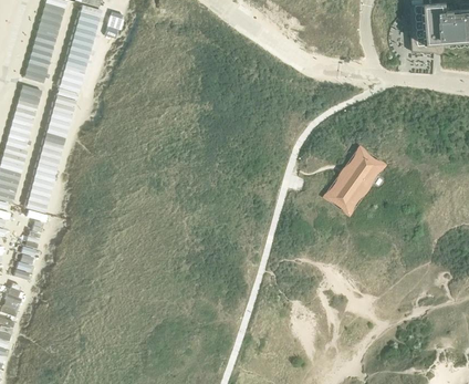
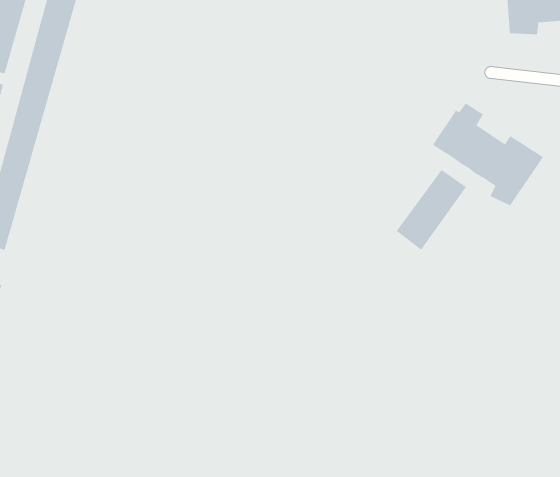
building: none -> [432,102,544,206]

